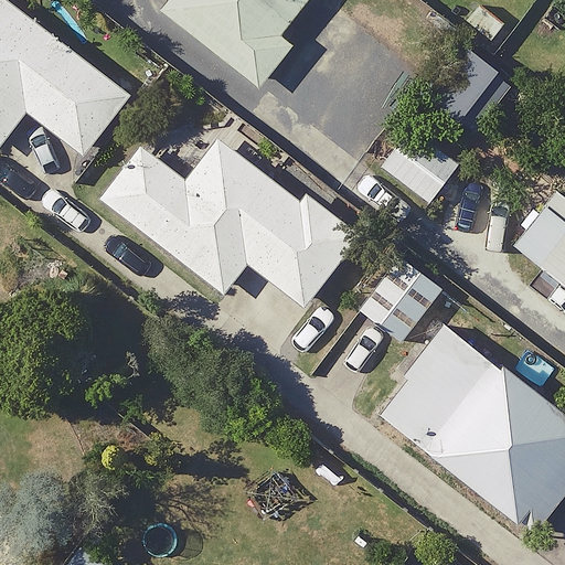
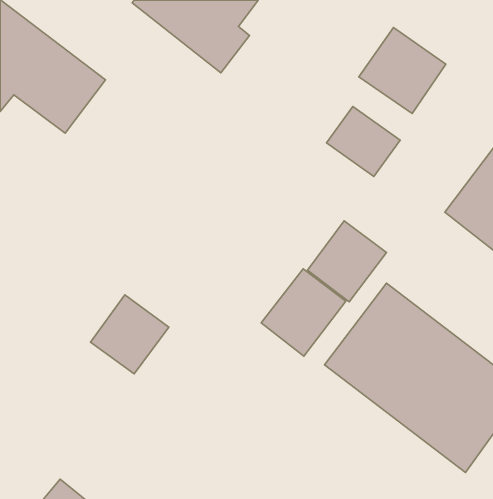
building: [98,138,356,307] -> none
building: none -> [261,269,346,356]
building: none -> [90,295,169,374]

